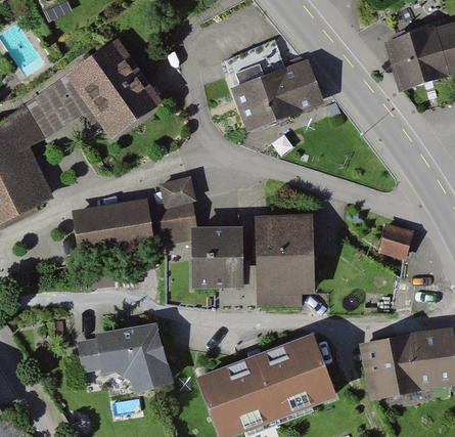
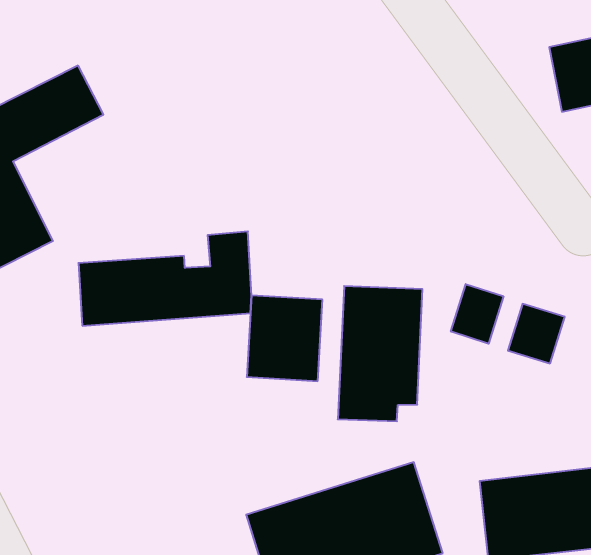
building: [65,42,161,140] -> none
building: [230,60,318,131] -> none
building: none -> [451,284,503,344]
building: [78,323,174,392] -> none

